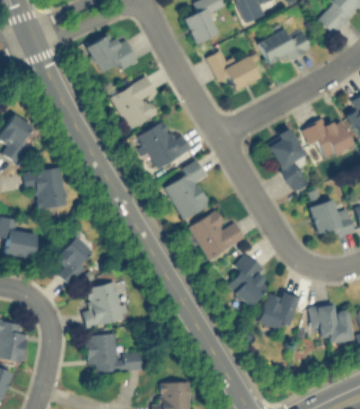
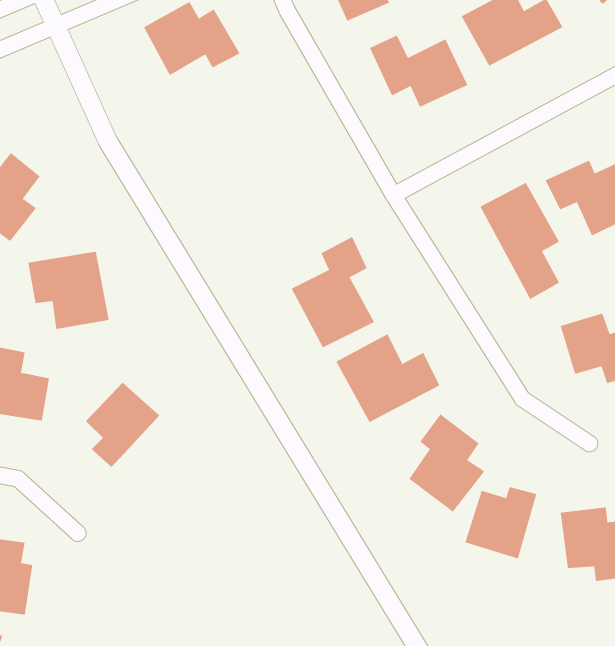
building: [110,76,158,131] -> none
building: [139,122,191,168] -> none
building: [82,282,126,328] -> none
building: [87,334,142,372] -> none

